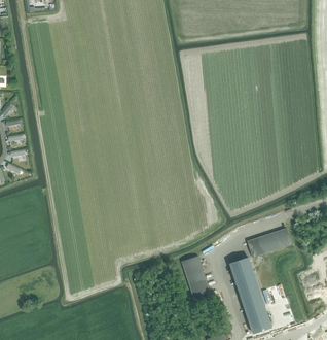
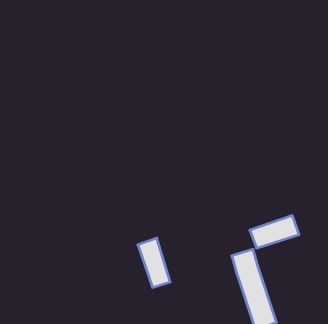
building: [181,254,211,300] -> [138,238,170,287]

